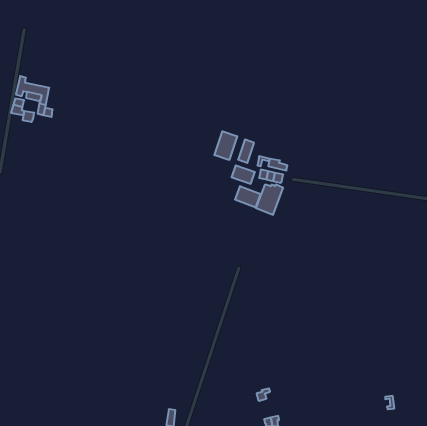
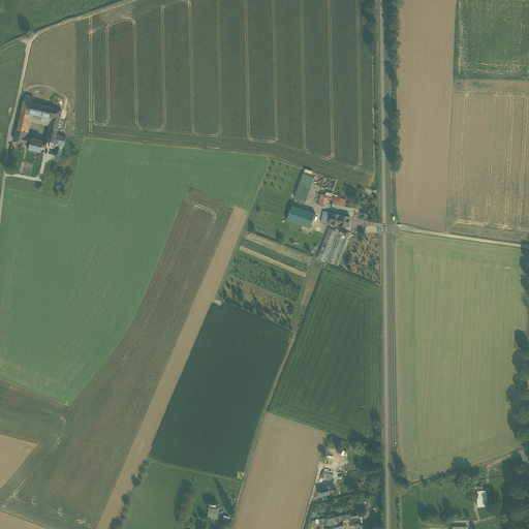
building: [214,131,237,160] -> none
building: [235,186,261,208] -> none

